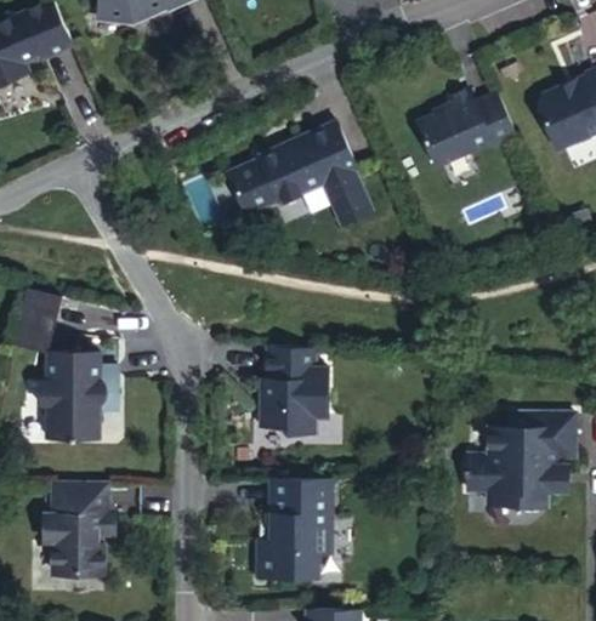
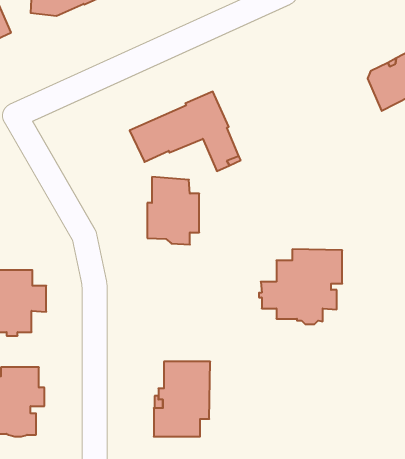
building: [419,91,517,167] -> none
building: [260,346,328,434] -> [147,177,199,245]
building: [465,414,574,512] -> [259,249,342,324]

